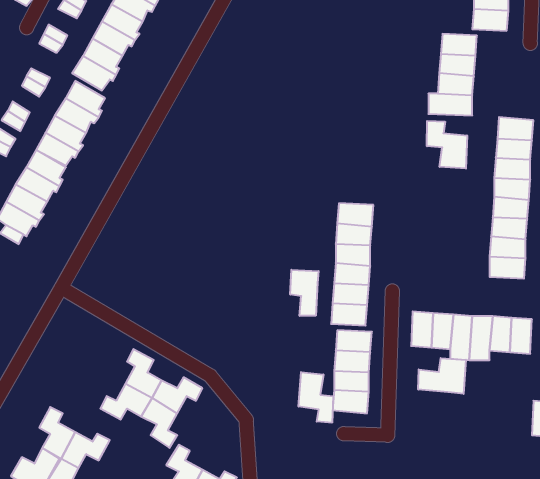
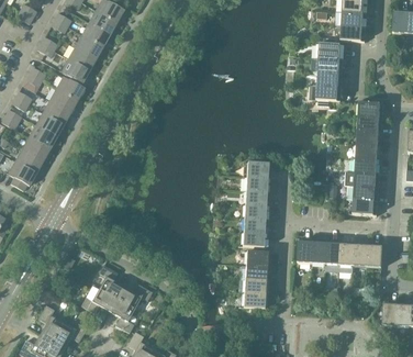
building: [427,121,467,169] -> none
building: [290,270,319,316] -> none
building: [418,358,466,394] -> none
building: [299,372,333,423] -> none

